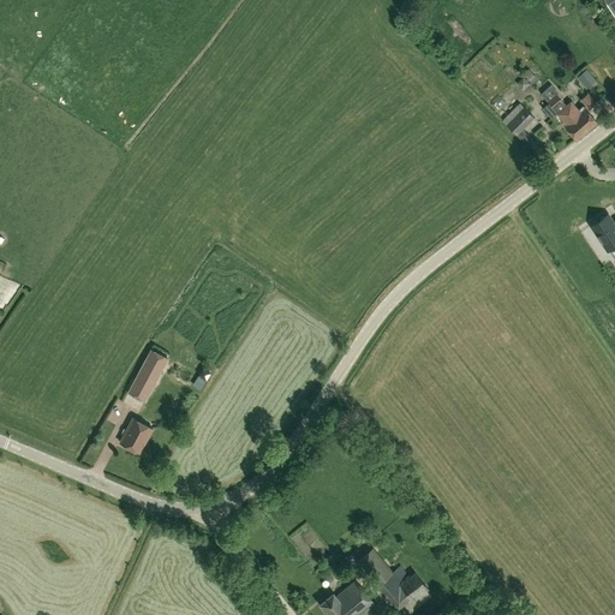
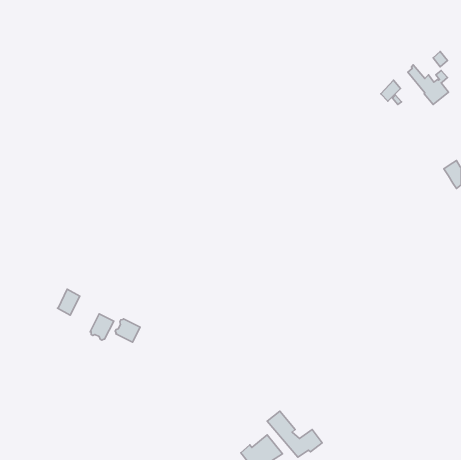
building: [136,351,166,386] -> [57,289,80,315]
building: none -> [115,319,140,342]

